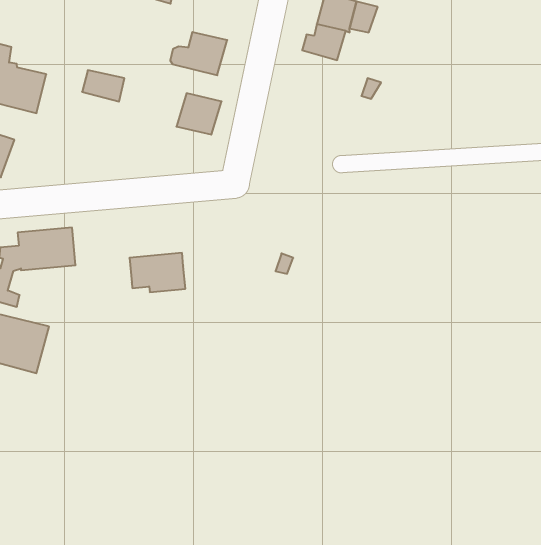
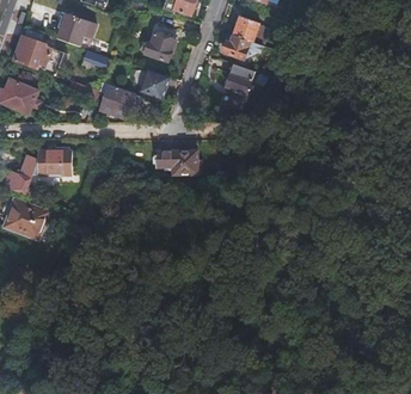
building: none -> [56,13,97,47]
building: none -> [225,64,256,107]
building: none -> [99,84,134,118]
building: [129,253,185,292] -> [161,150,195,173]

